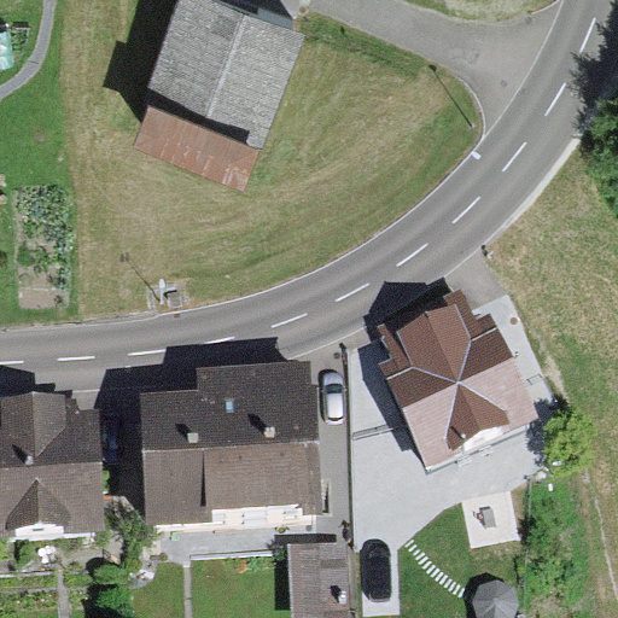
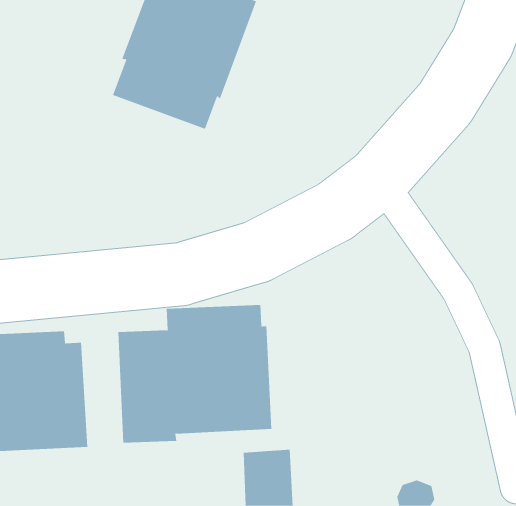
building: [377,282,540,468] -> none

